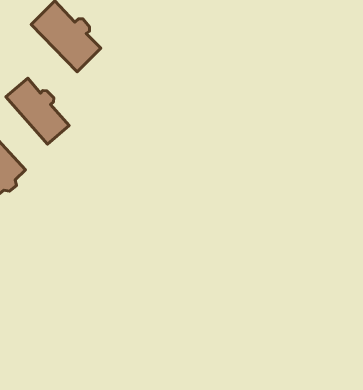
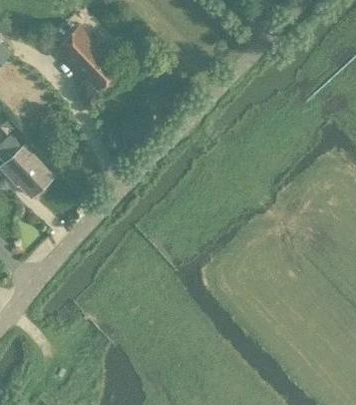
building: [6,78,69,144] -> none

